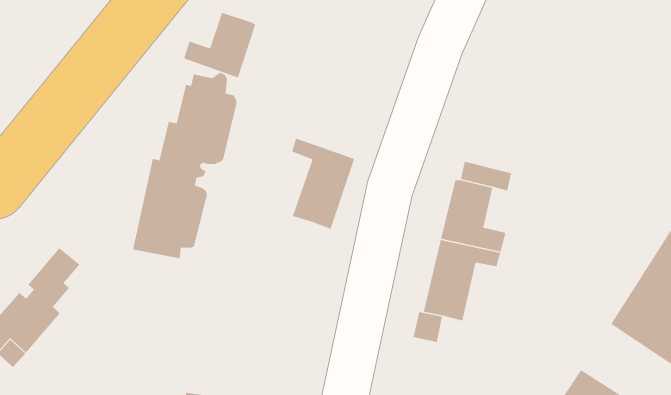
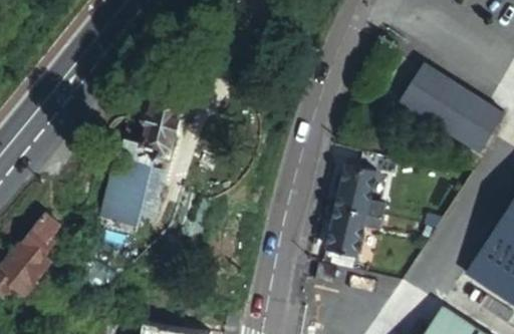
building: [183,12,256,79] -> none
building: none -> [399,63,502,151]
building: [291,137,355,230] -> none

